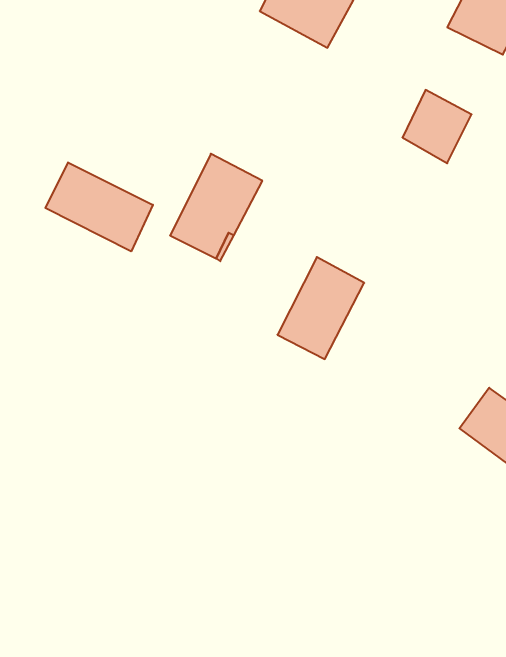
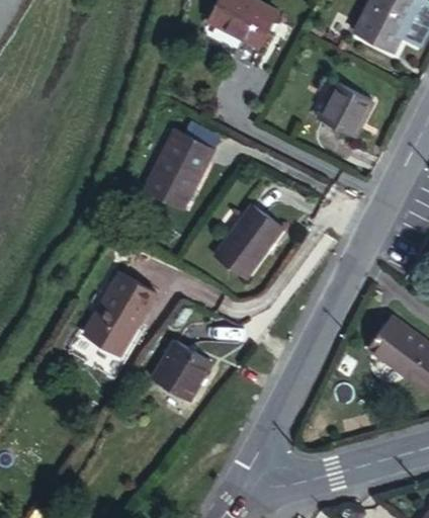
building: [45,162,153,251] -> none
building: none -> [82,272,154,356]
building: none -> [154,339,211,397]

